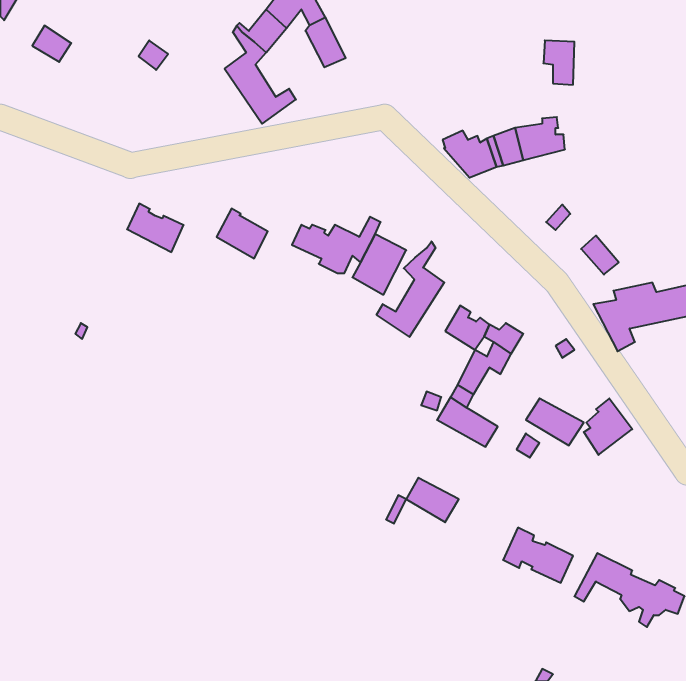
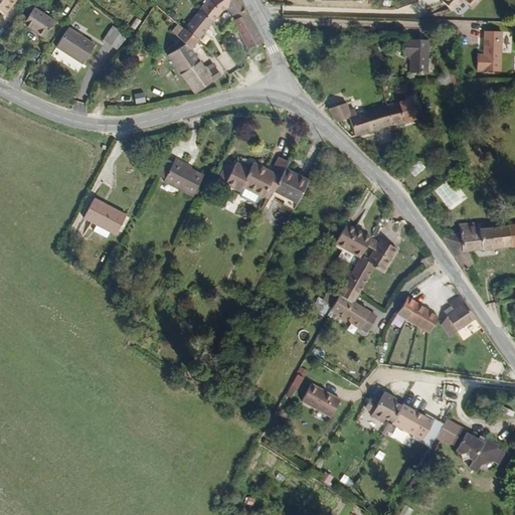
building: none -> [482,22,505,60]
building: none -> [59,35,95,68]
building: [127,204,184,252] -> [83,195,126,231]
building: [377,241,444,337] -> none
building: [406,478,459,522] -> [304,388,343,421]

